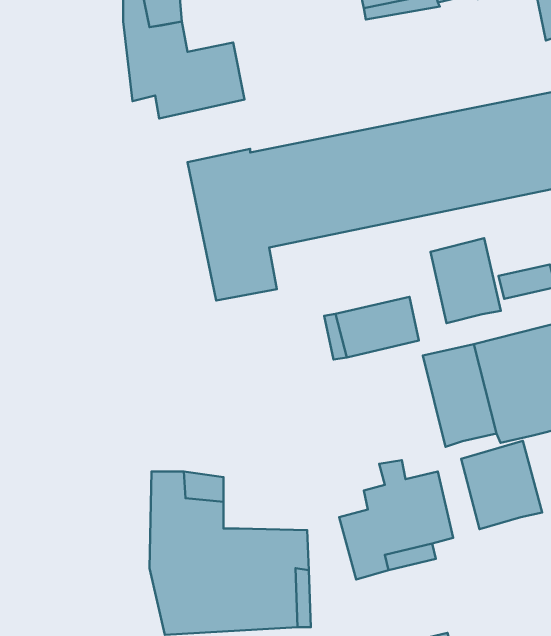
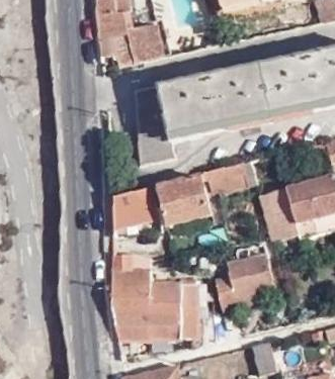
building: [431,238,501,323] -> none
building: none -> [110,177,208,229]
building: [461,441,542,529] -> none

